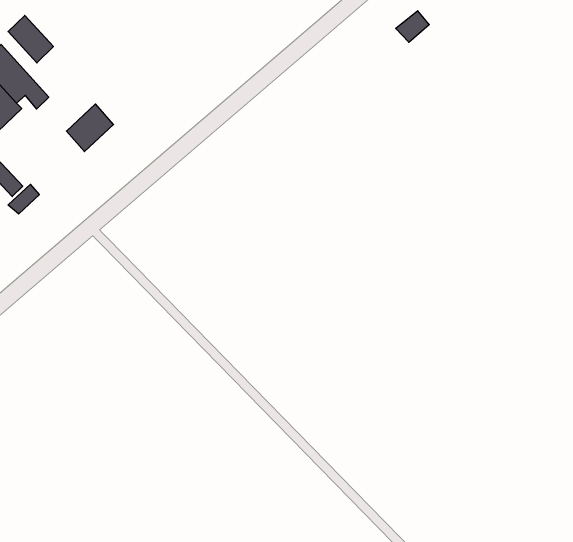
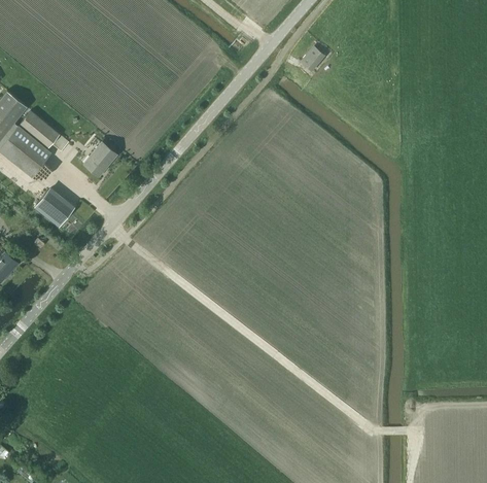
building: [8,15,53,63] -> none

